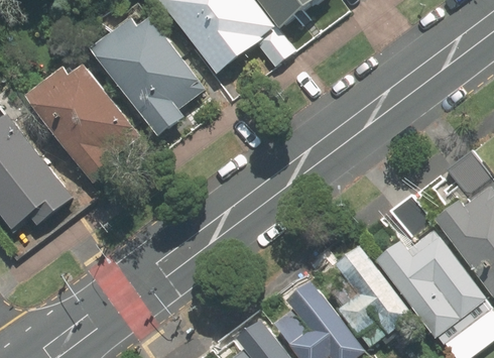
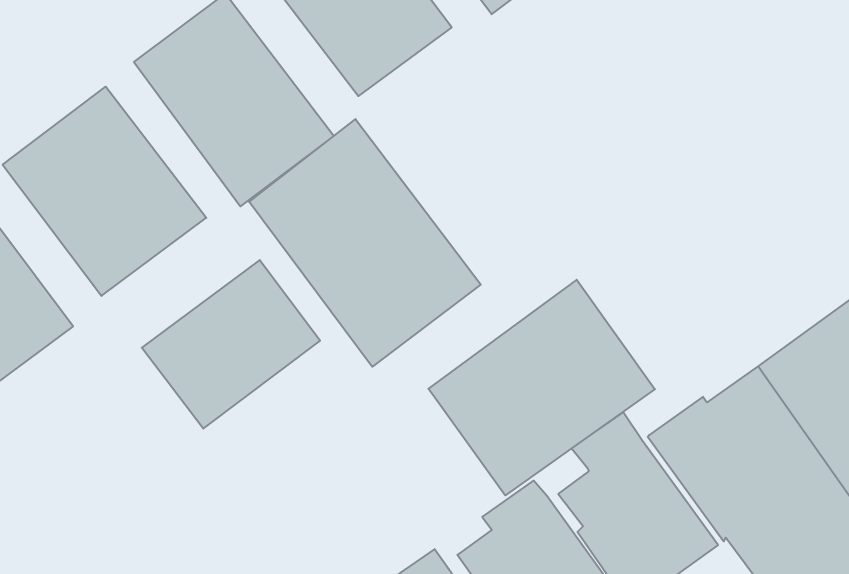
building: none -> [249,119,481,367]
building: none -> [142,260,320,429]
building: none -> [428,280,655,495]

